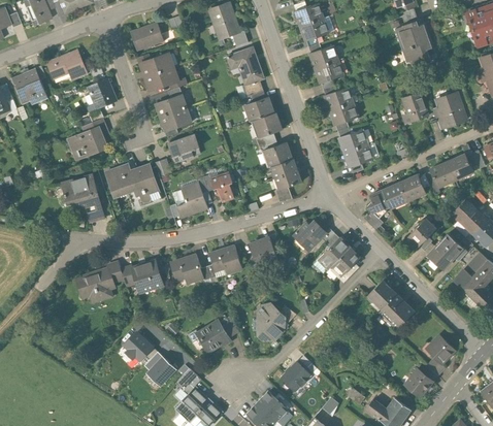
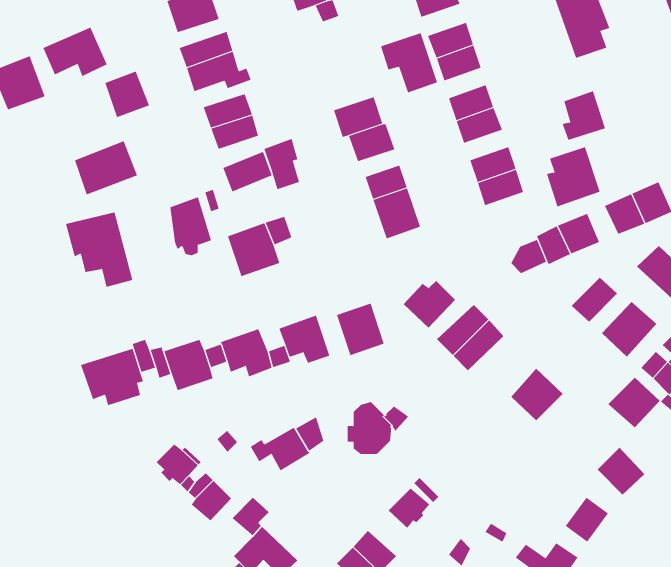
building: [226,44,265,86] -> [380,32,438,93]
building: [431,90,468,131] -> [546,146,601,207]
building: [104,163,135,201] -> none
building: [210,169,235,204] -> [263,138,300,190]
building: [382,297,418,332] -> [608,377,661,428]

